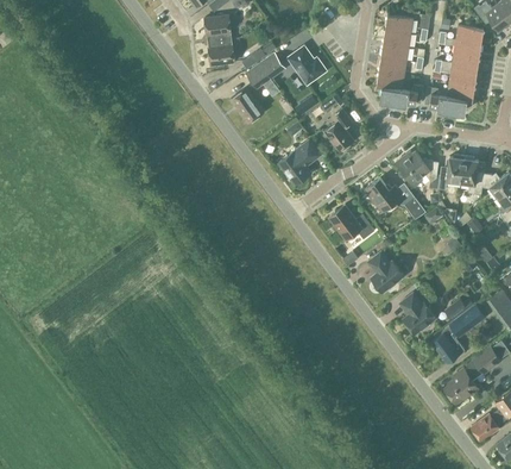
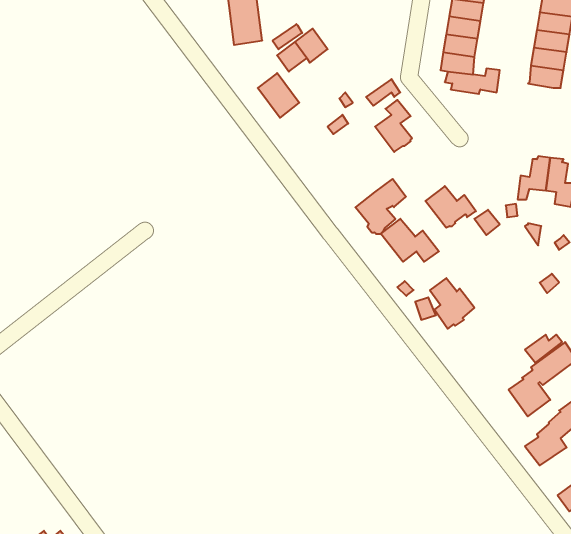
building: [289,45,327,85] -> none
building: [424,87,466,113] -> none
building: [278,140,318,185] -> [355,179,406,234]
building: [395,151,437,187] -> none
building: [399,293,435,334] -> none

